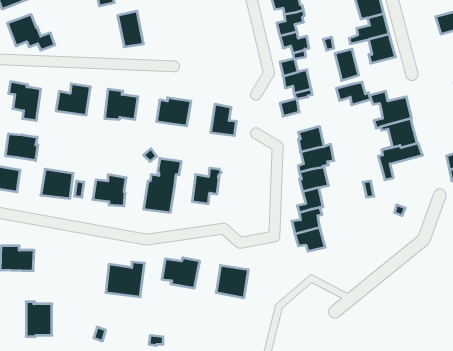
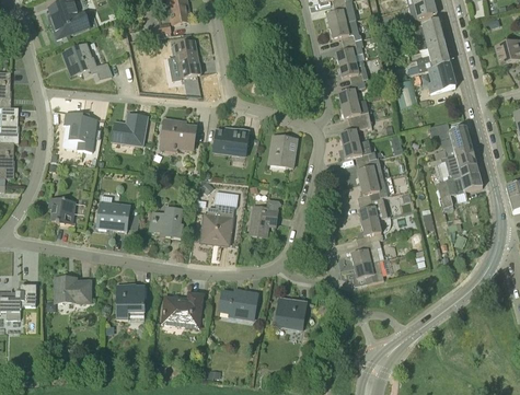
building: [336,82,371,105] -> [342,140,377,163]
building: [6,134,38,161] -> none
building: [26,302,52,336] -> [117,284,143,320]

